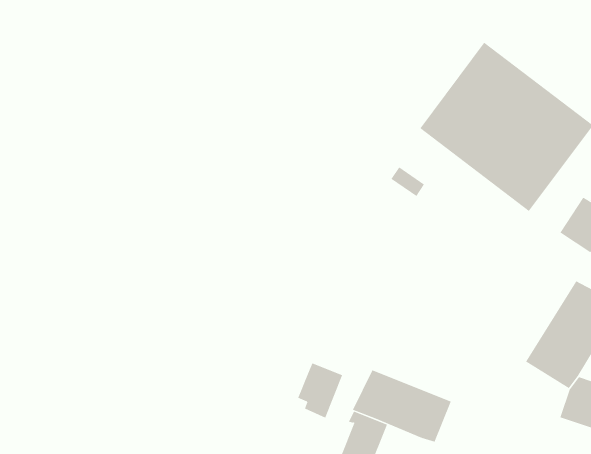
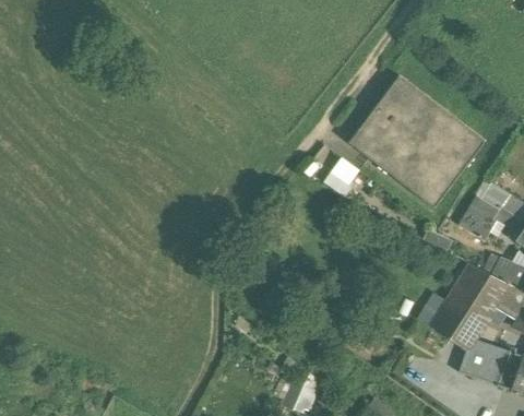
building: [297,362,343,419] -> none
building: [352,370,451,442] -> none

